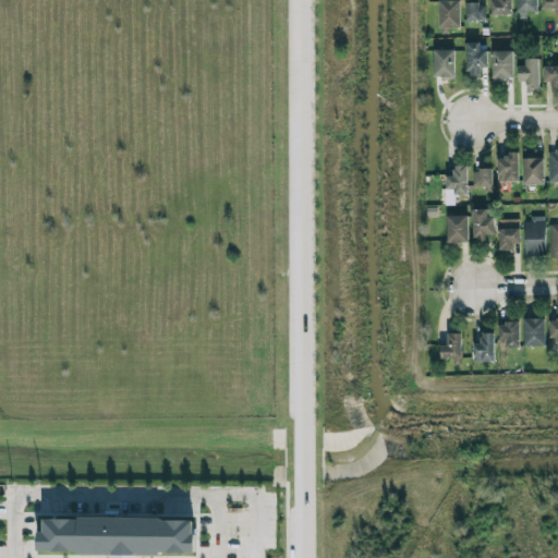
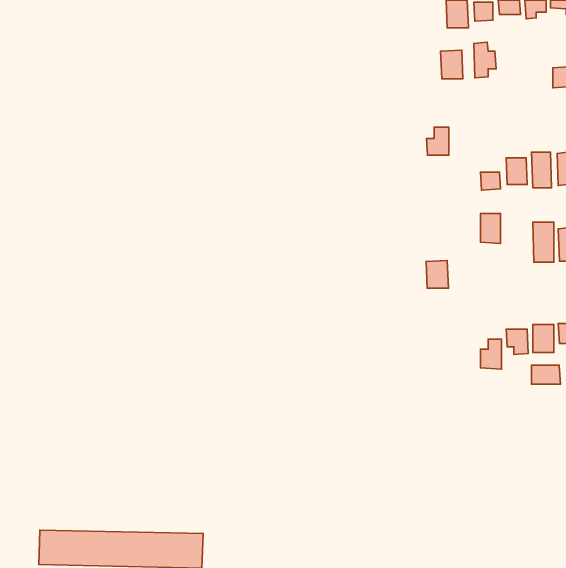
building: [493,50,513,78] -> none
building: [521,58,539,92] -> none
building: [446,165,468,192] -> [426,127,449,155]
building: [447,215,469,242] -> [426,260,448,288]
building: [499,219,519,251] -> none
building: [440,332,461,359] -> none
building: none -> [532,365,560,384]

